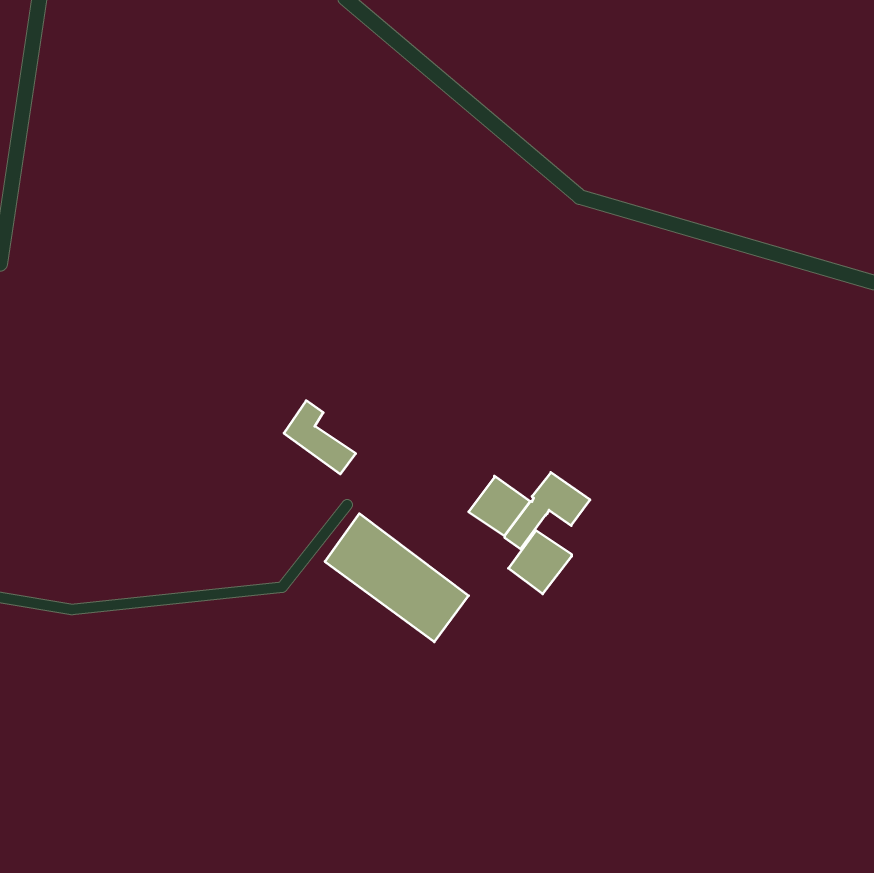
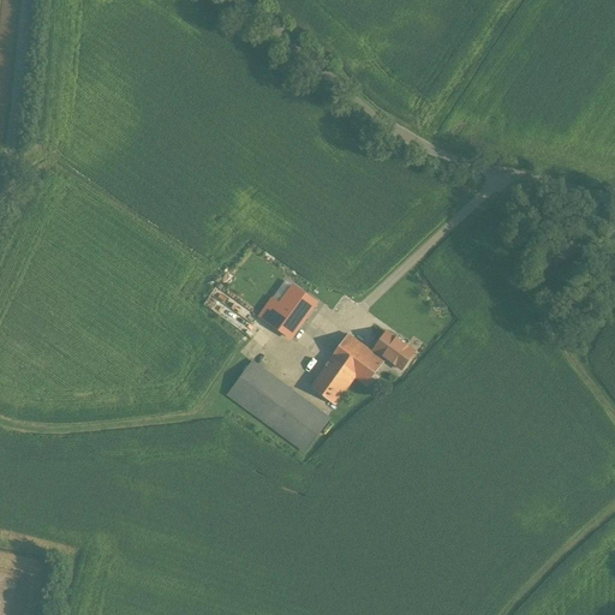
building: none -> [259,280,316,338]
building: [508,531,572,594] -> [310,359,354,404]

